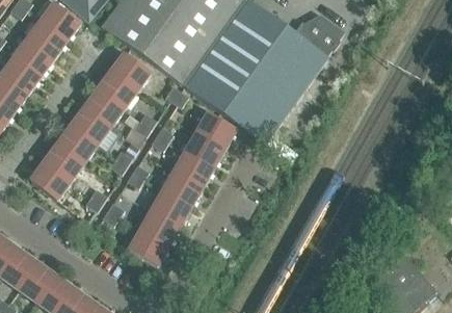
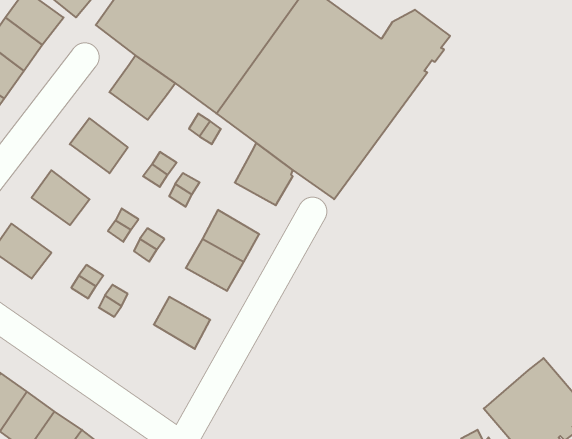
building: [98,72,137,109] -> none
building: [72,107,111,145] -> none
building: [185,133,224,168] -> none
building: [45,144,84,181] -> none
building: [152,191,191,227] -> none
building: [130,230,169,266] -> none

